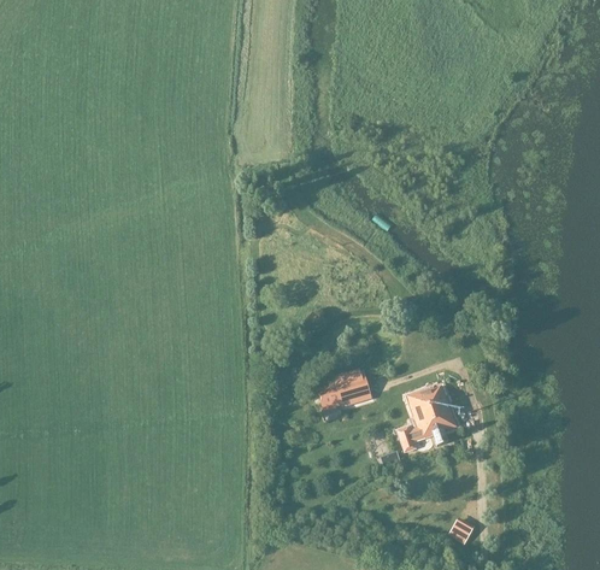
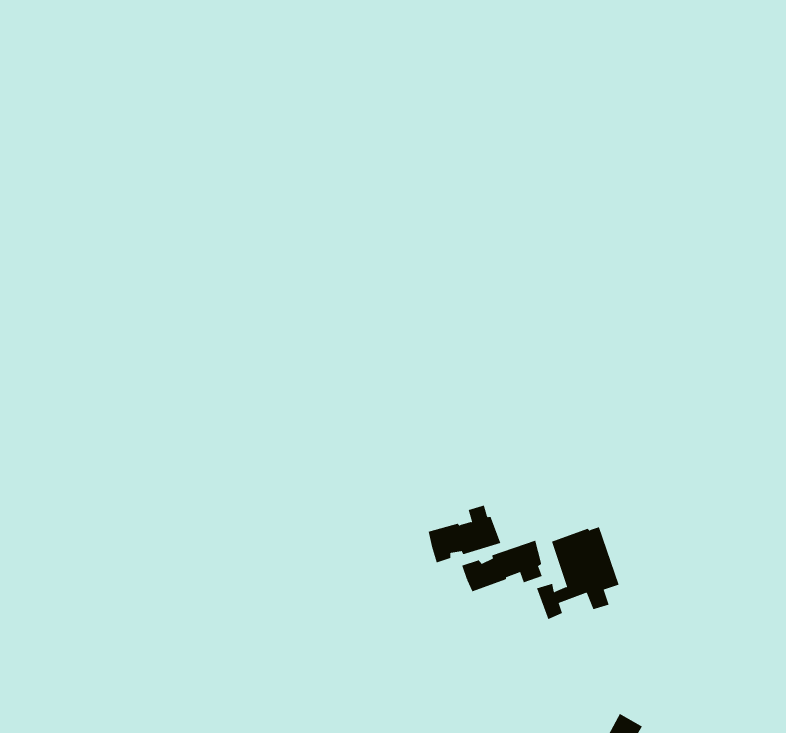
building: none -> [461,540,543,592]

